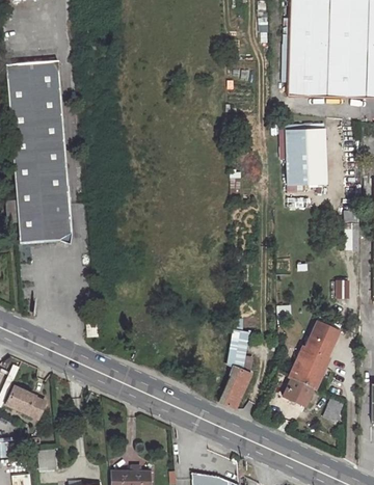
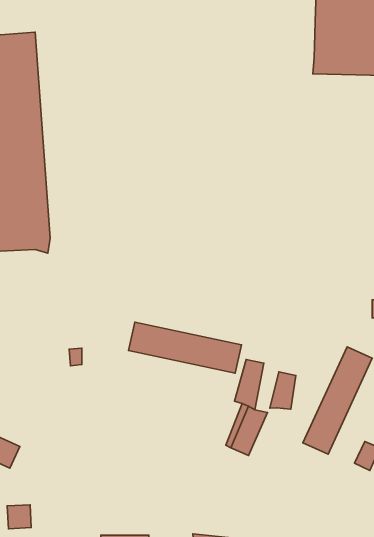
building: [288,129,328,183] -> none
building: none -> [128,322,241,373]
building: none -> [270,372,296,409]

